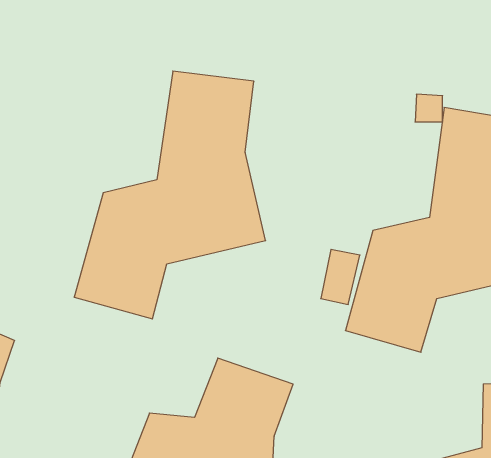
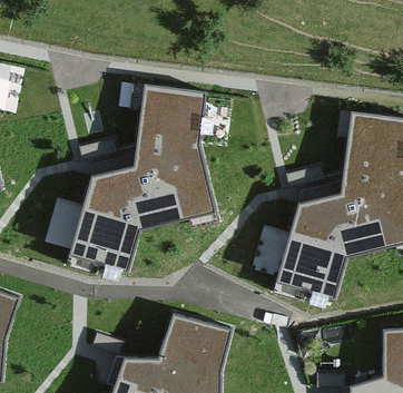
building: none -> [49,194,77,240]

